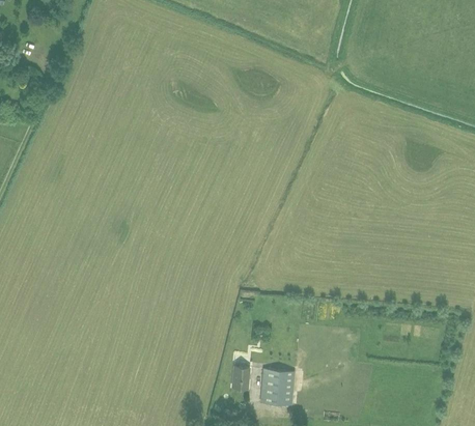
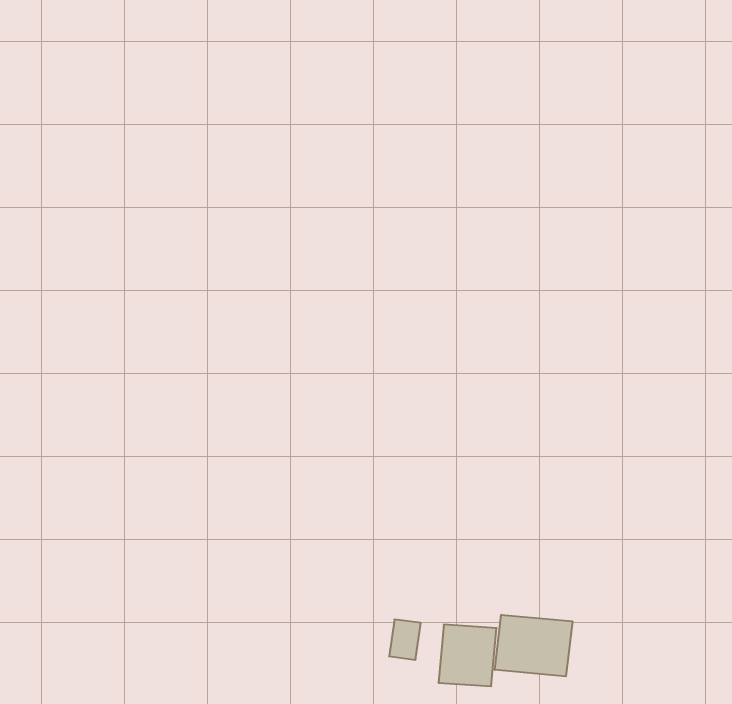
building: none -> [495,615,572,676]

